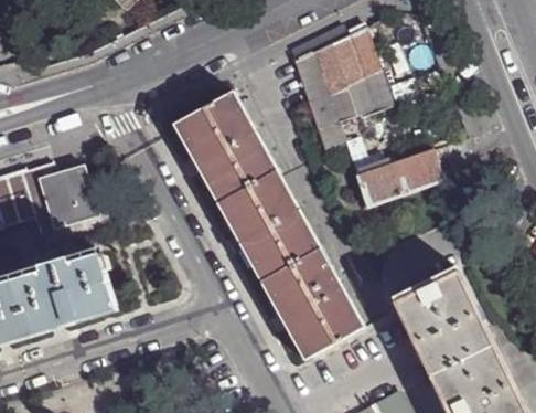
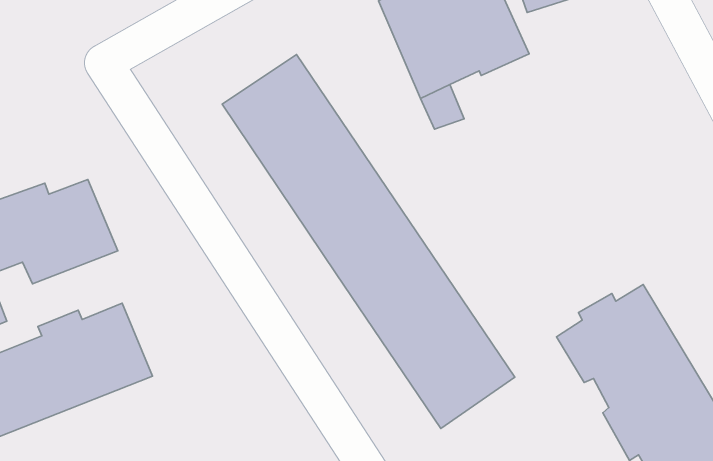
building: [353,149,440,209] -> none

